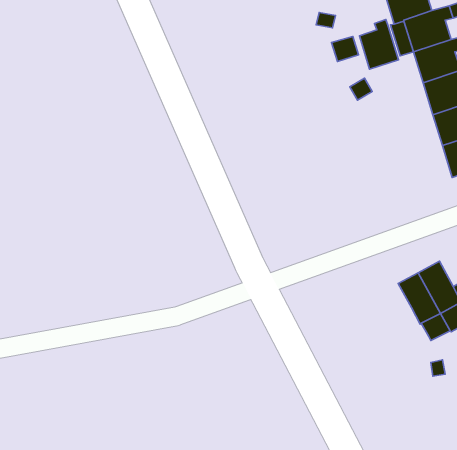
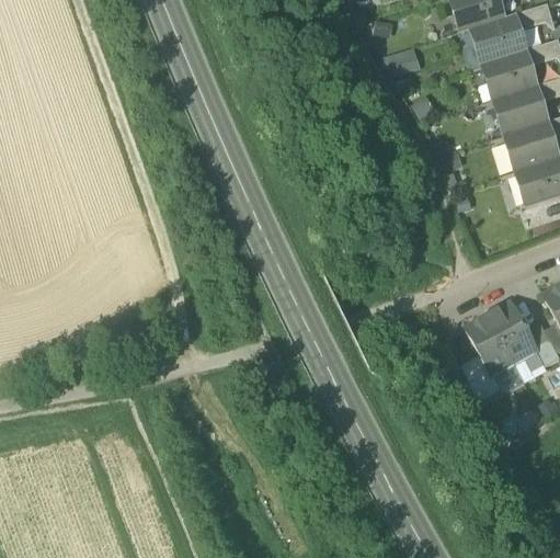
building: [360,20,398,69] -> none
building: none -> [465,354,500,398]

